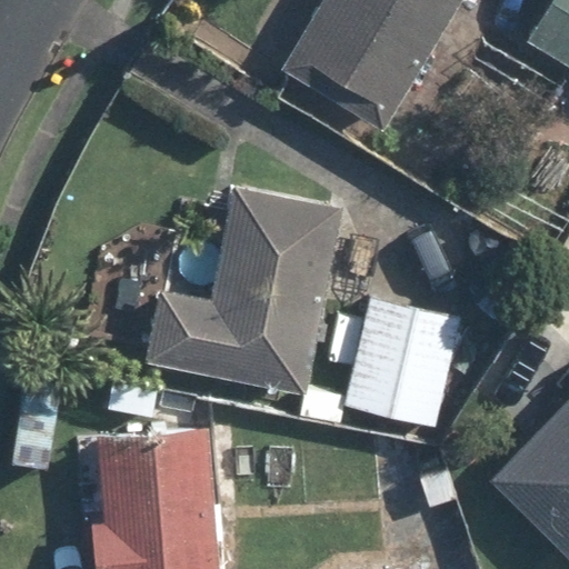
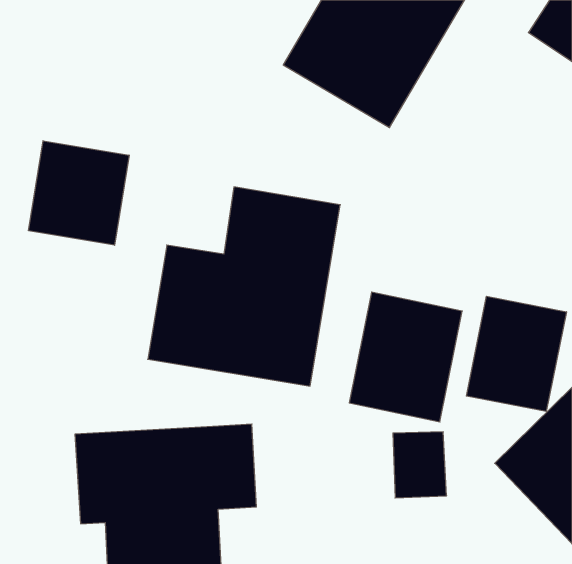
building: none -> [29,141,129,245]
building: none -> [466,296,566,412]

